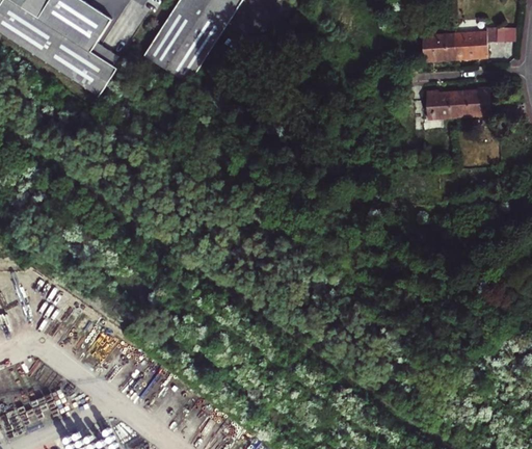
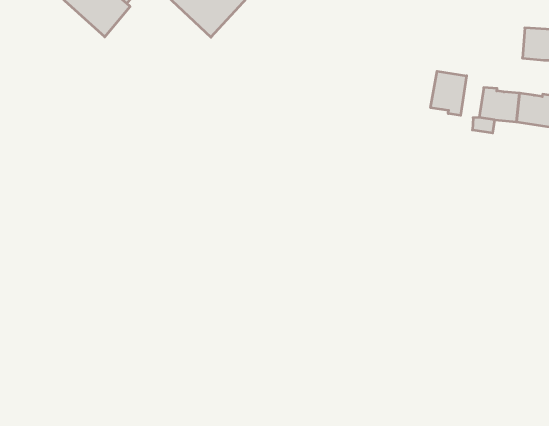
building: [422,33,456,62] -> none
building: none -> [431,71,467,115]

